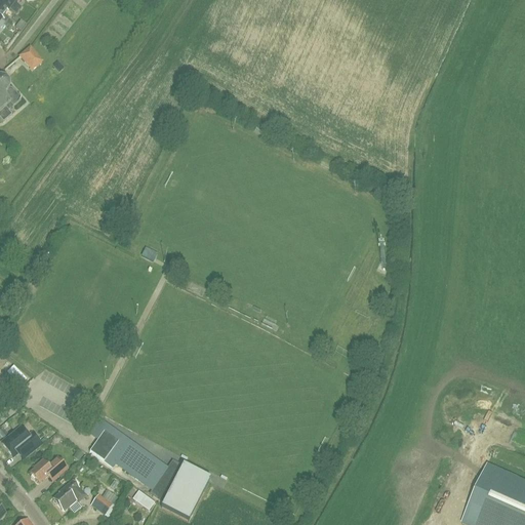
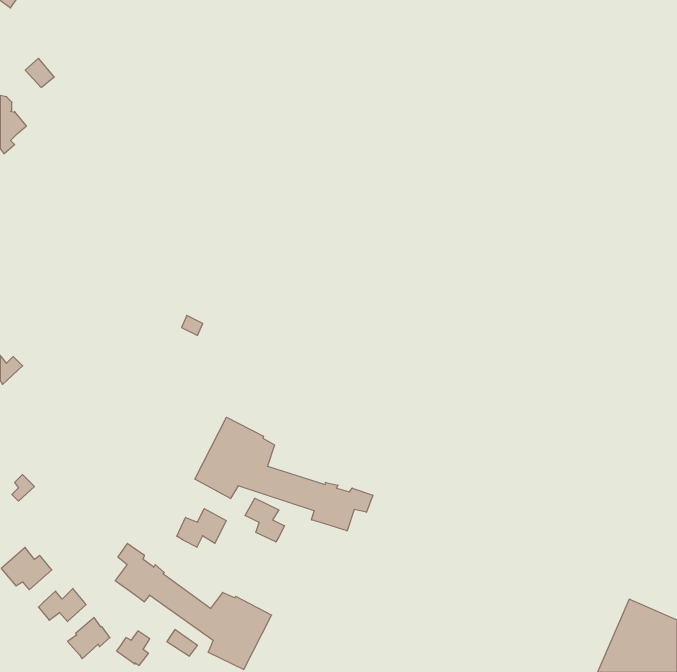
building: none -> [195,417,373,531]
building: none -> [245,498,285,542]
building: none -> [177,509,226,547]

